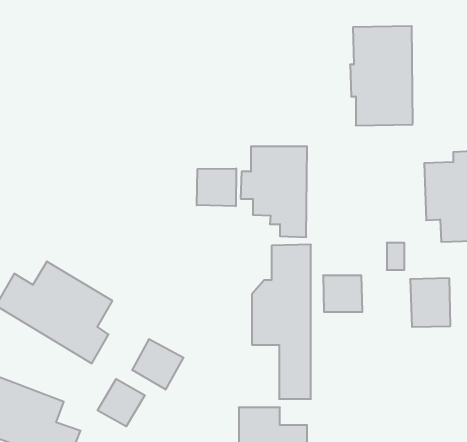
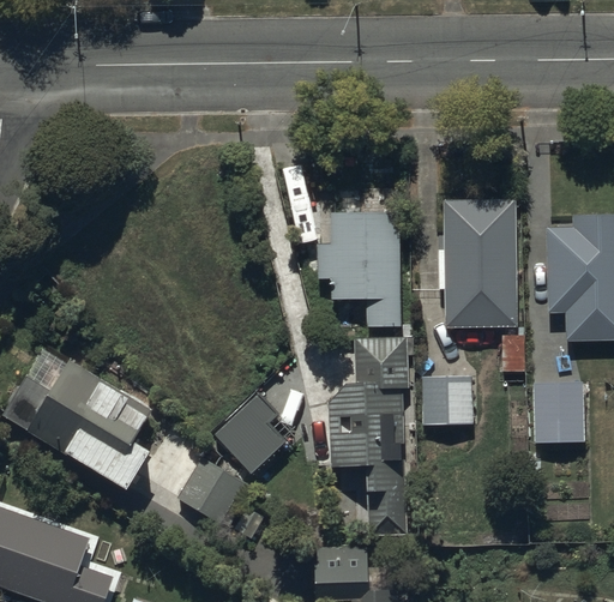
building: [350,26,413,125] -> [438,199,518,326]
building: [197,168,236,206] -> none
building: none -> [213,395,287,474]
building: [98,379,145,426] -> none

